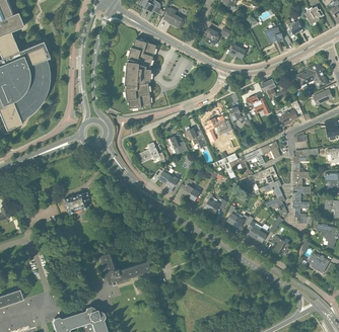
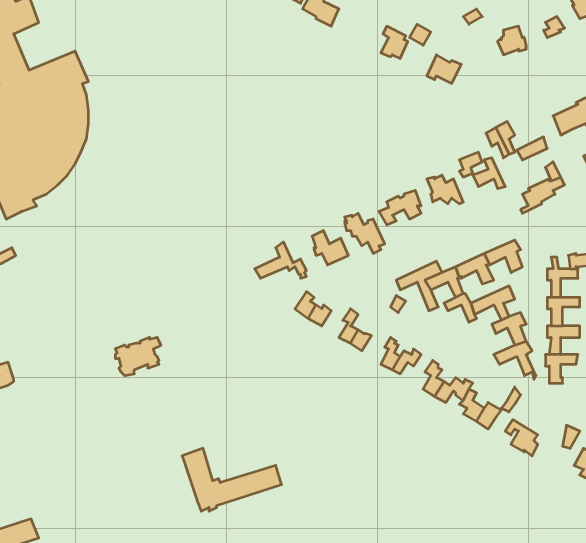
building: [125,39,156,109] -> none

